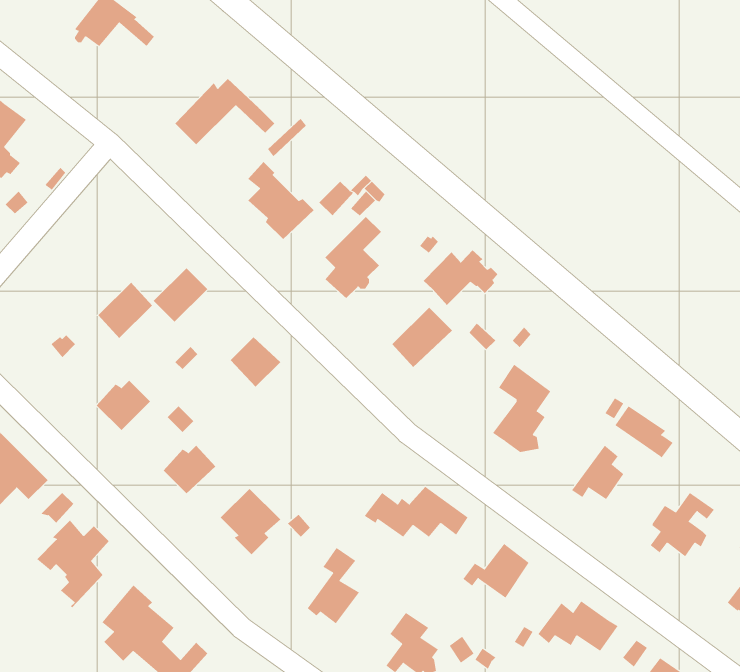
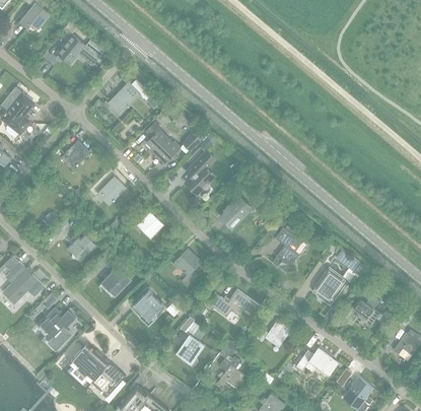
building: [423,249,498,306] -> none
building: [97,282,153,339] -> [61,140,89,169]
building: none -> [173,250,201,285]

